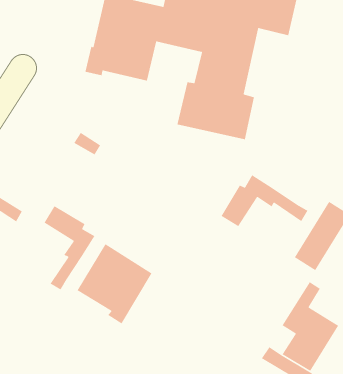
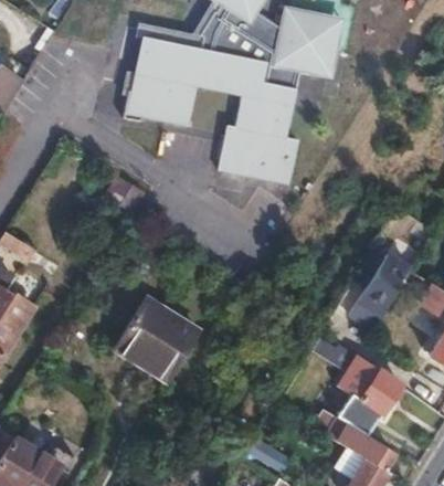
building: [220,174,308,227] -> none
building: [44,205,96,290] -> none

